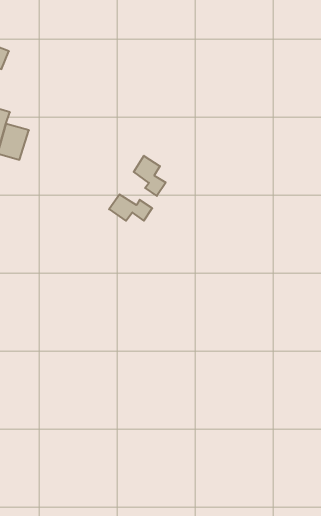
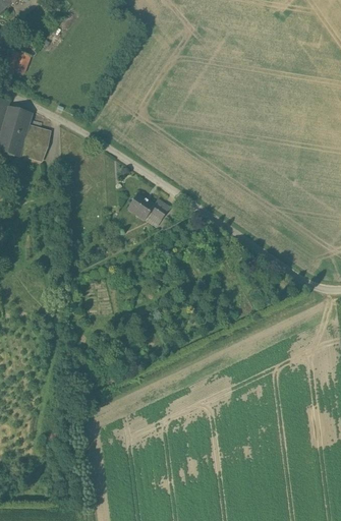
building: [134,156,166,196] -> none

